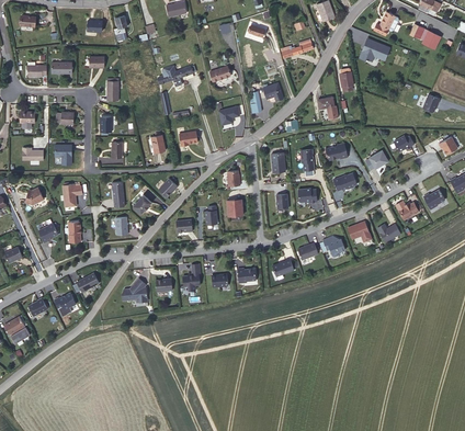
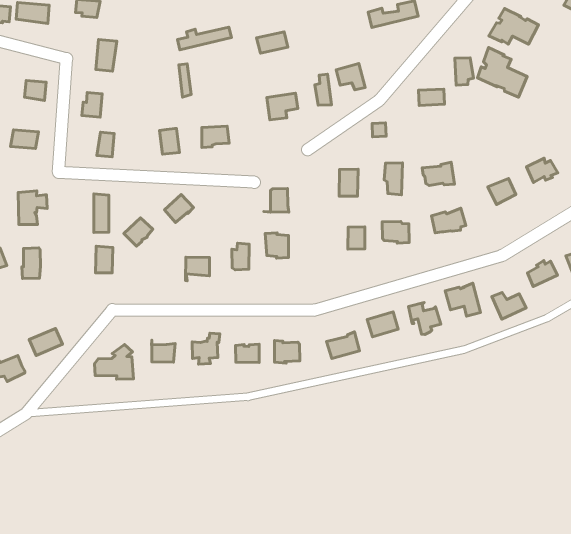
building: none -> [477,47,527,97]

